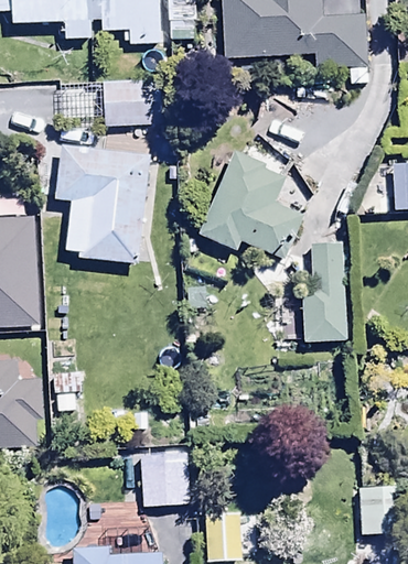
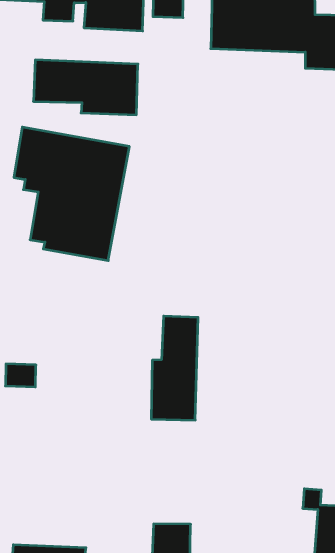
building: [197,151,304,260] -> none
building: [302,241,347,341] -> [151,316,198,420]
building: [139,456,190,506] -> none

